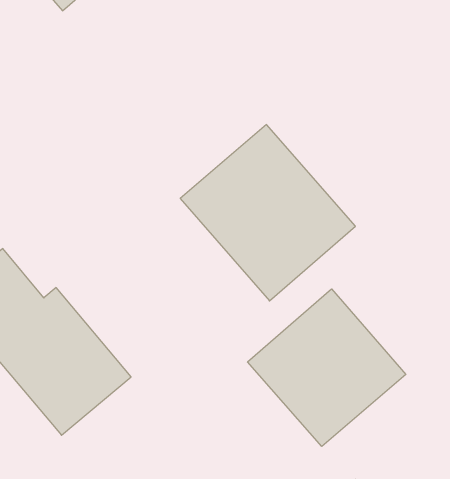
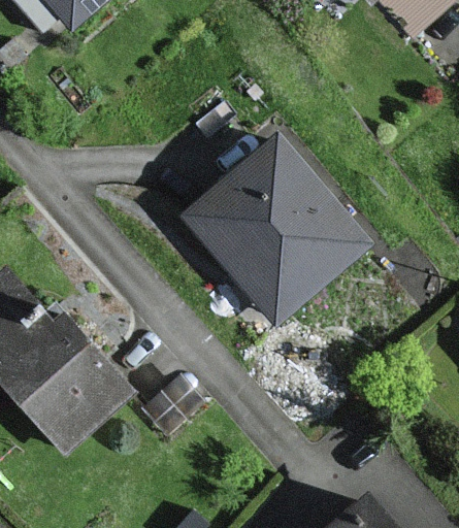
building: [248,289,406,446] -> none

